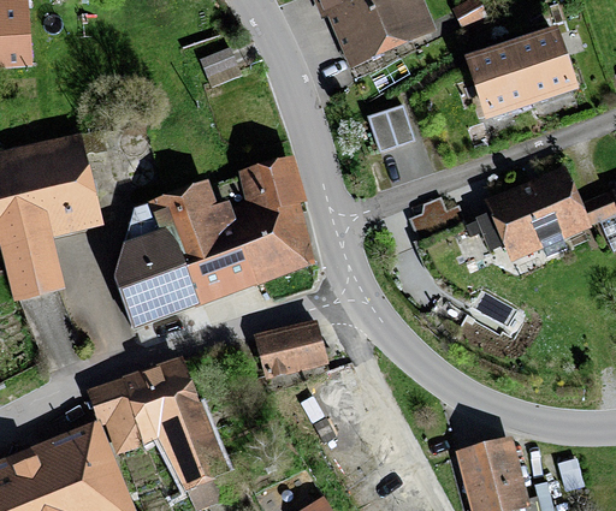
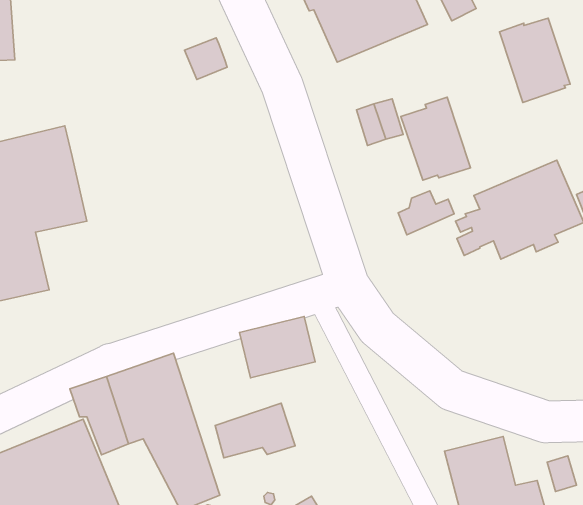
building: [463,38,532,120] -> [401,97,470,180]
building: [113,158,315,332] -> none
building: none -> [215,403,295,458]

